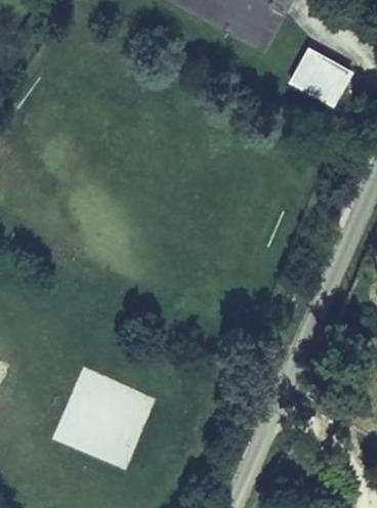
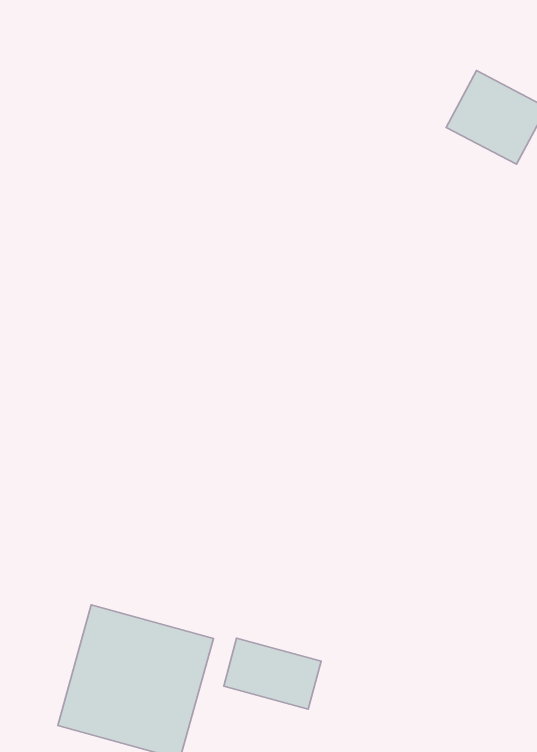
building: none -> [224,638,321,709]

